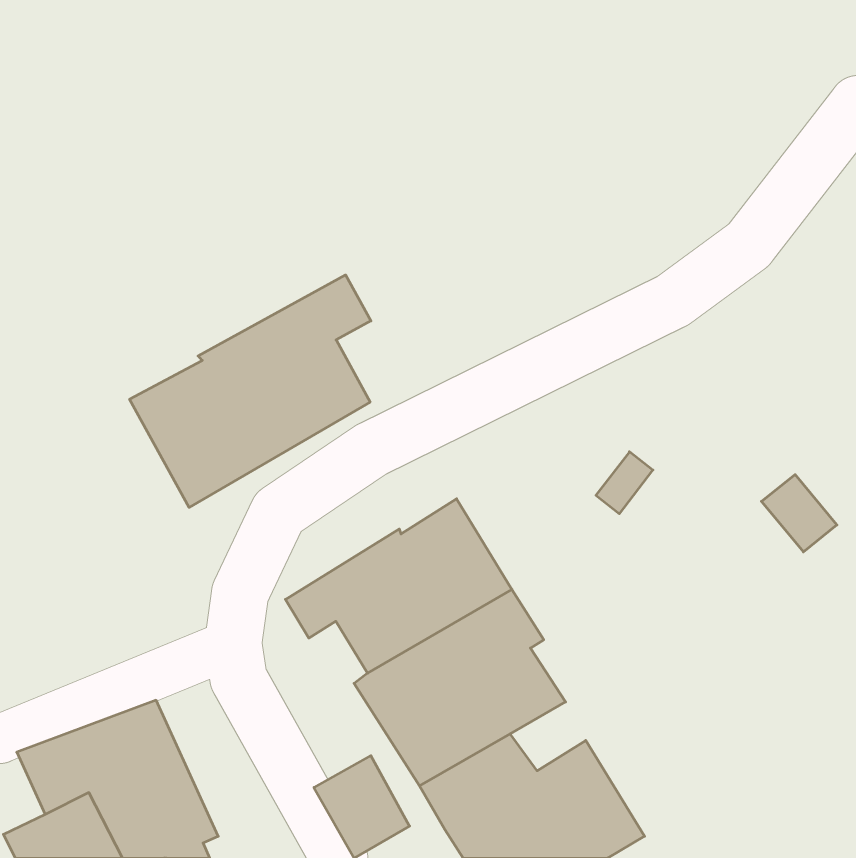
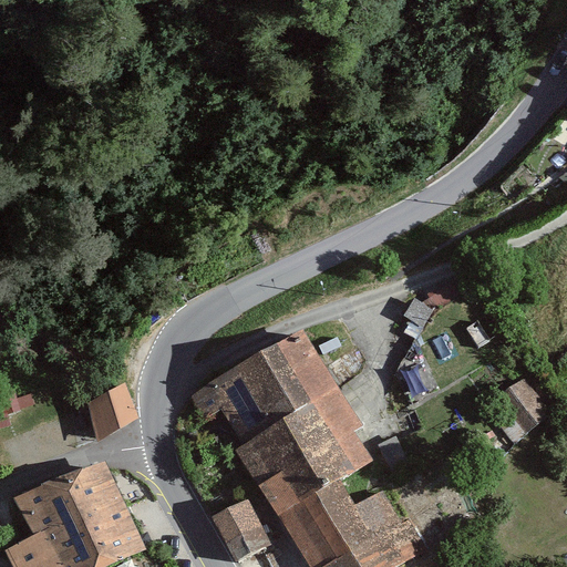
building: [130,275,371,507] -> none
building: [761,475,837,552] -> [499,382,549,433]
building: none -> [93,388,137,440]

